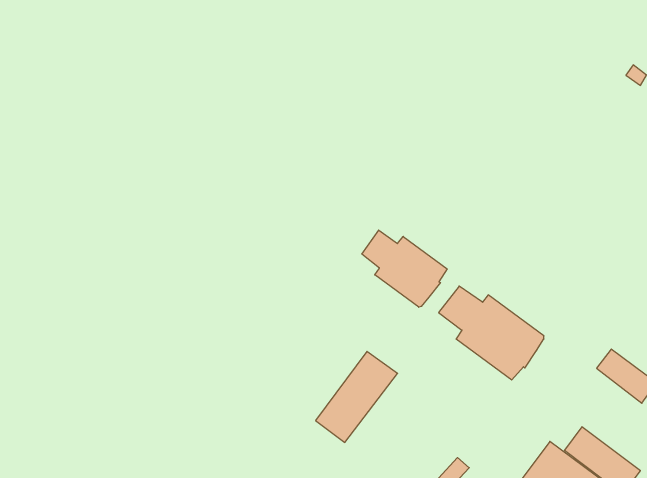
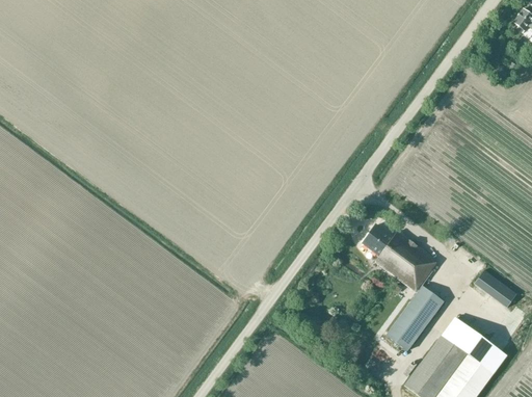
building: [362,230,447,307] -> none
building: [316,351,398,442] -> [385,286,444,350]

